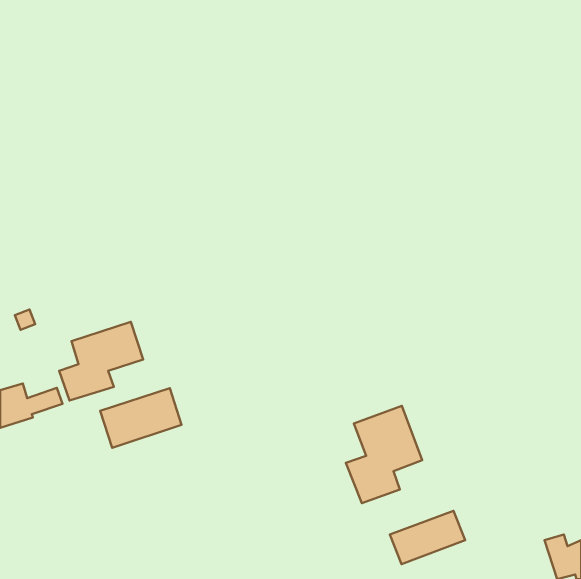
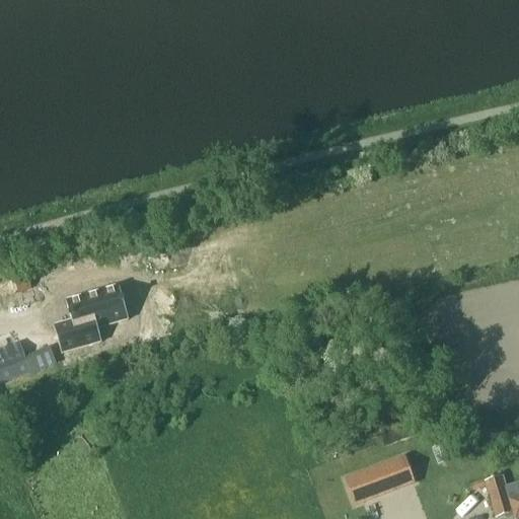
building: [100,388,182,448] -> none
building: [346,406,422,503] -> none

